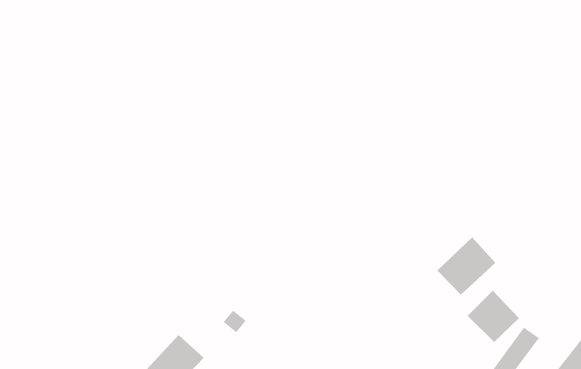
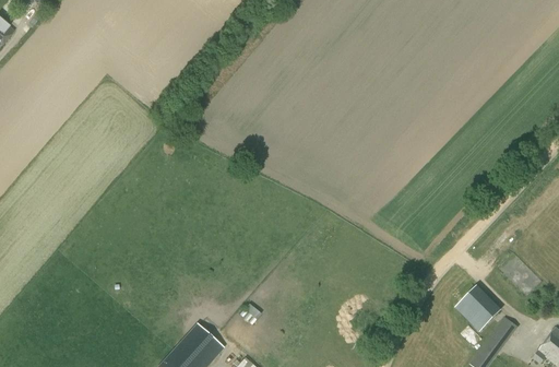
building: [436,236,496,296] -> none

